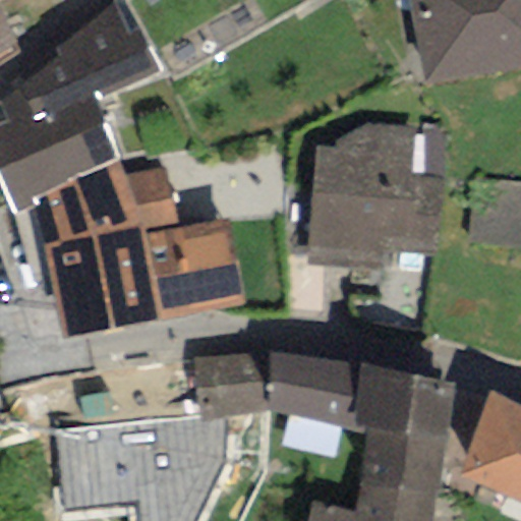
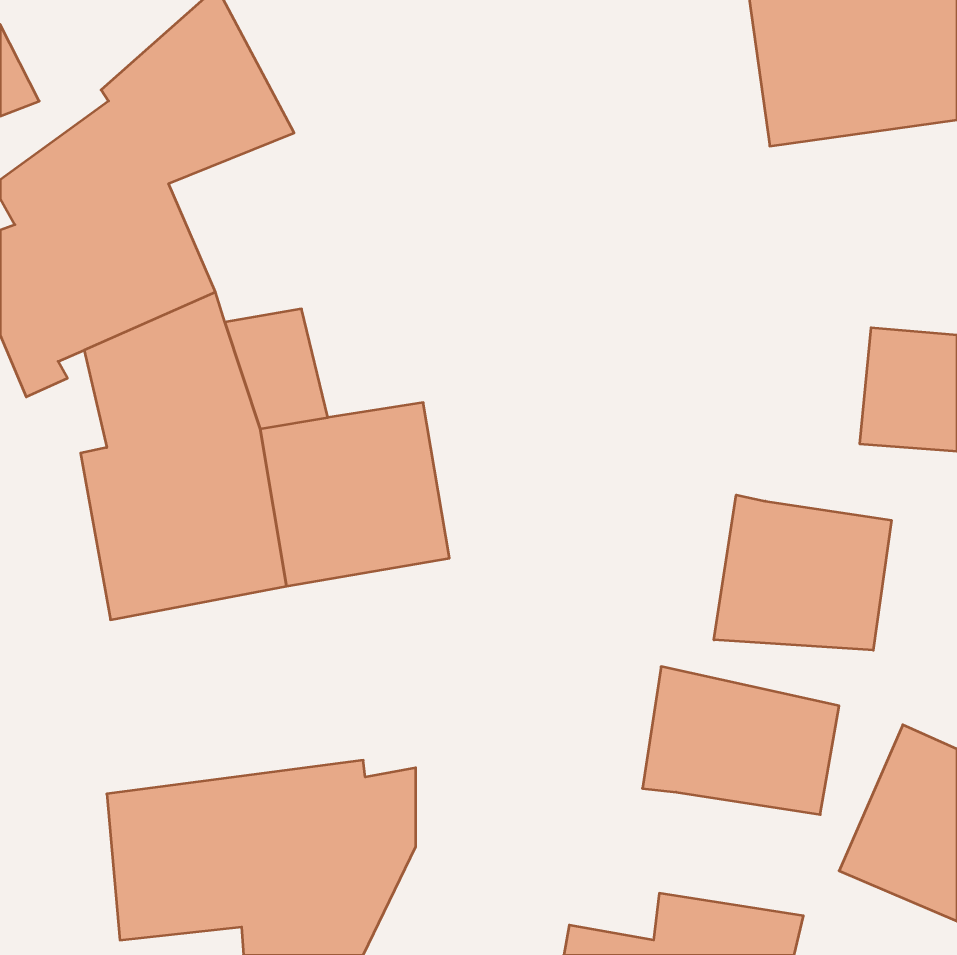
building: [304,122,446,268] -> none
building: none -> [714,495,891,650]
building: [192,352,359,428] -> none
building: [358,430,446,498] -> none

